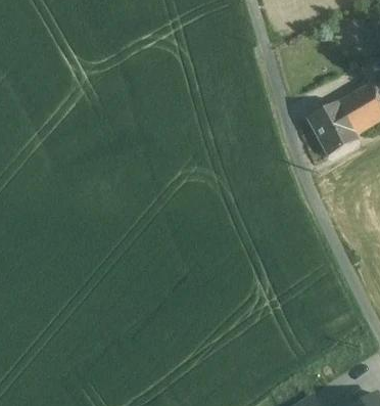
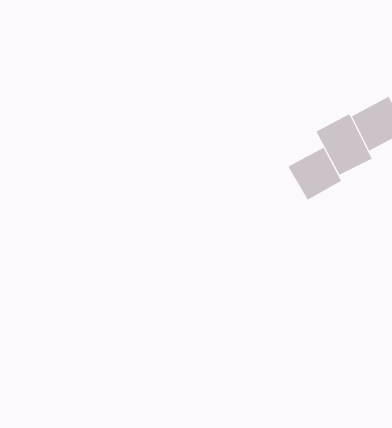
building: none -> [288,147,342,200]

